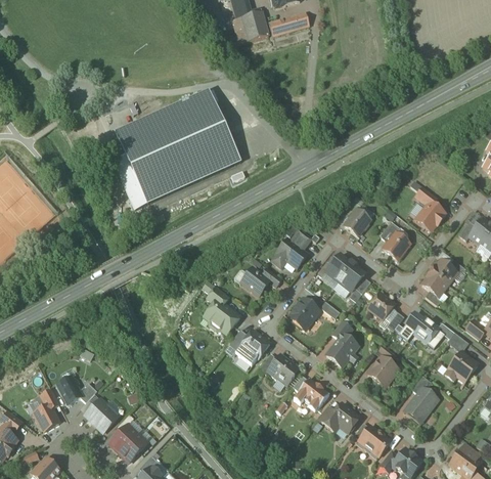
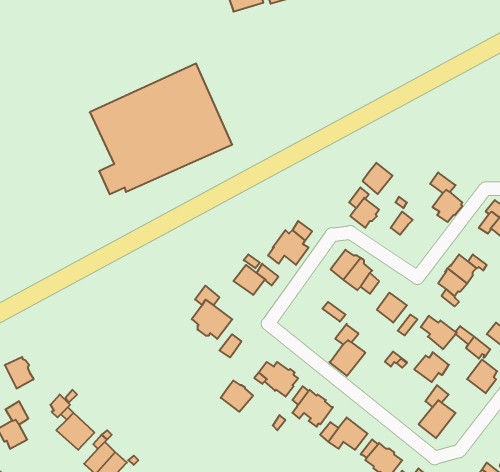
building: [383,232,409,260] -> [363,163,393,194]
building: [287,298,318,330] -> none
building: [240,331,269,358] -> [221,381,253,412]
building: [366,358,397,385] -> [414,352,449,382]
building: [56,378,82,405] -> [5,357,34,388]

